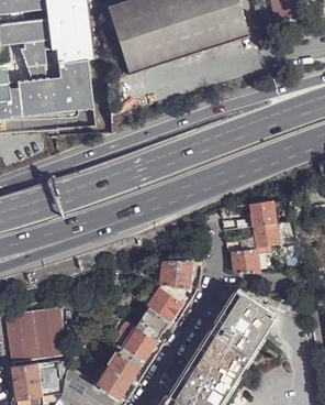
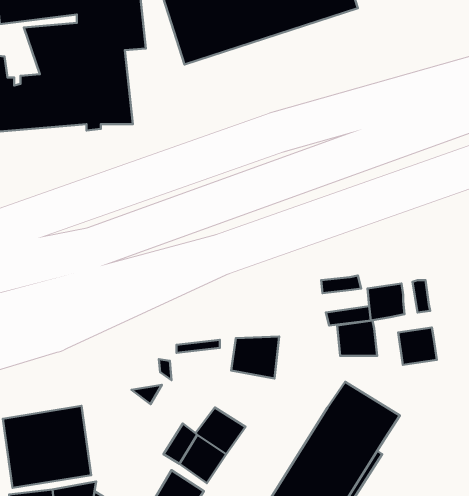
building: [251,200,278,226] -> [398,328,437,365]
building: [148,286,182,320] -> none

